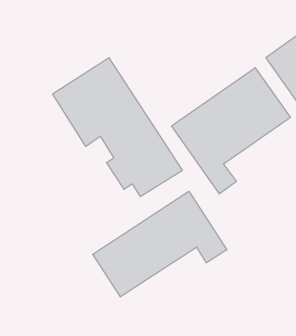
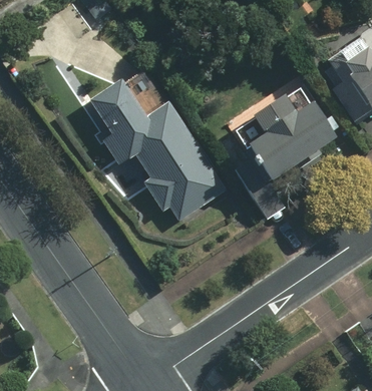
building: [93,191,227,297] -> none

